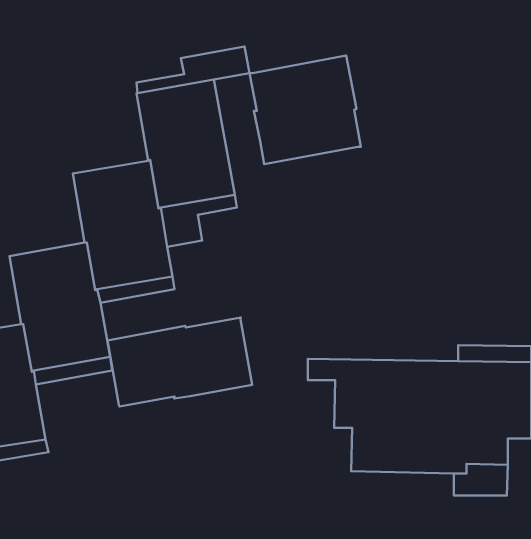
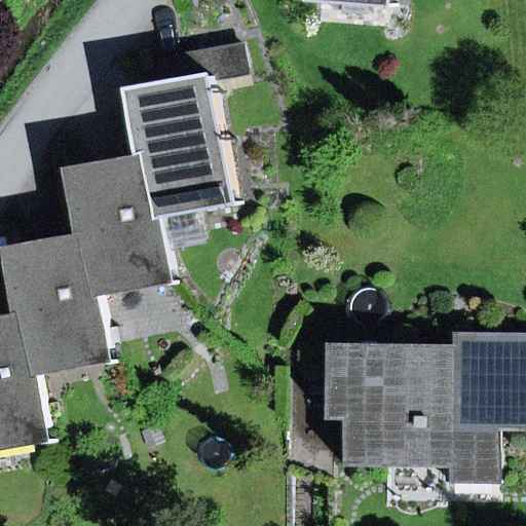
building: [250,56,361,164] -> none
building: [107,318,252,407] -> none

